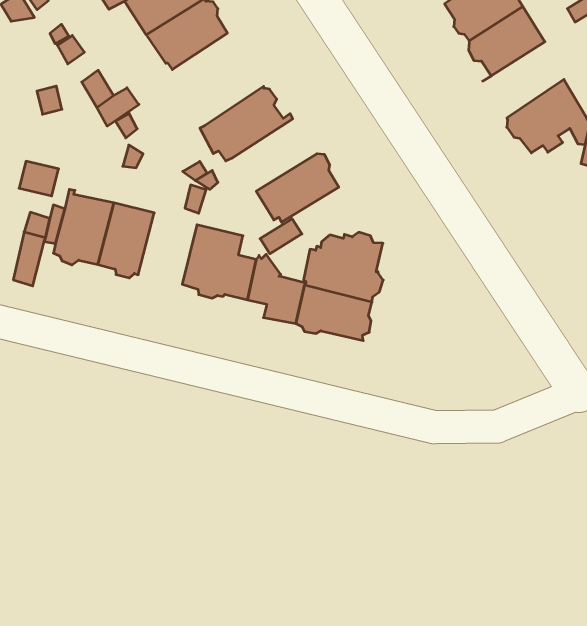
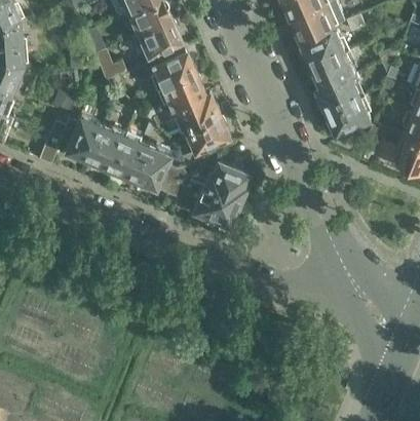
building: none -> [318,74,364,113]
building: none -> [150,50,196,91]
building: none -> [173,94,220,131]
building: none -> [110,135,147,177]

